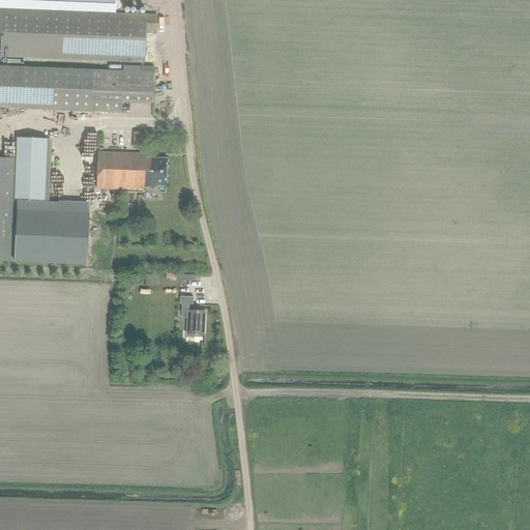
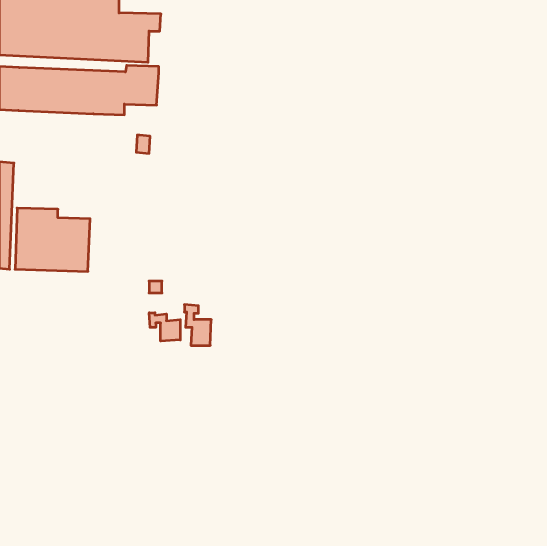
building: [13,135,47,200] -> none
building: [96,150,165,188] -> none
building: none -> [149,313,180,341]

